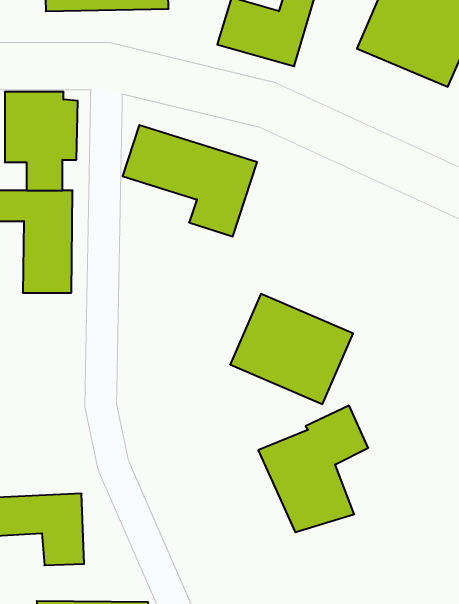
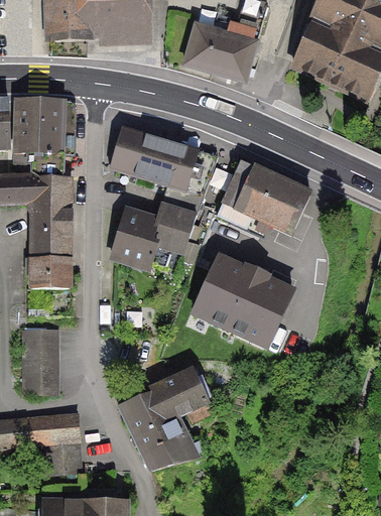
building: none -> [217,160,309,235]
building: none -> [110,202,196,266]
building: none -> [25,257,69,287]
building: none -> [23,327,57,393]
building: [258,406,368,532] -> [120,369,207,469]

